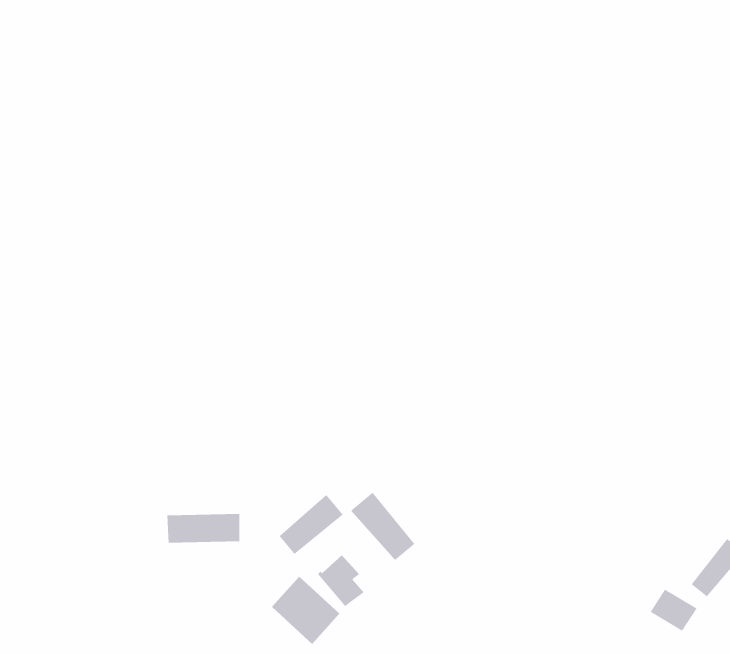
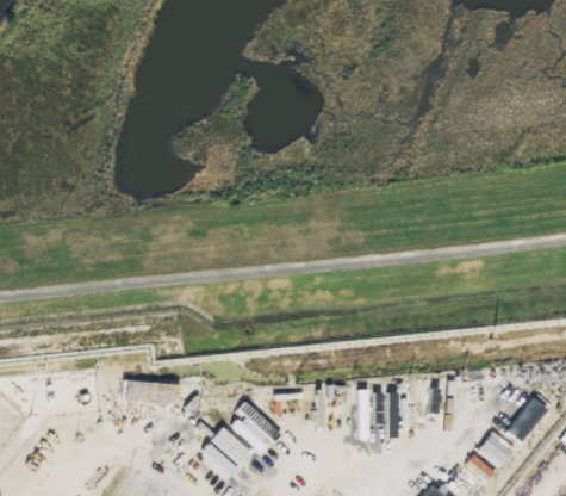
building: [350,492,415,561] -> none
building: [279,494,344,555] -> none

